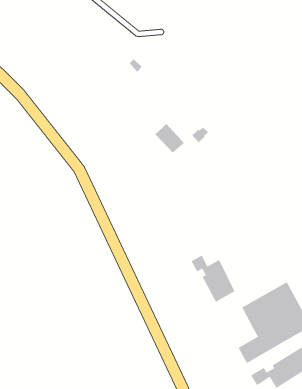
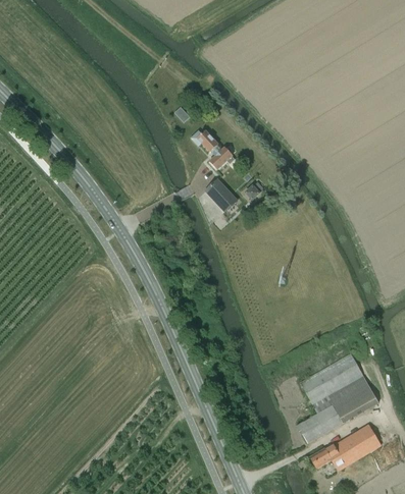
building: none -> [197,129,235,170]
building: [191,254,236,303] -> none

